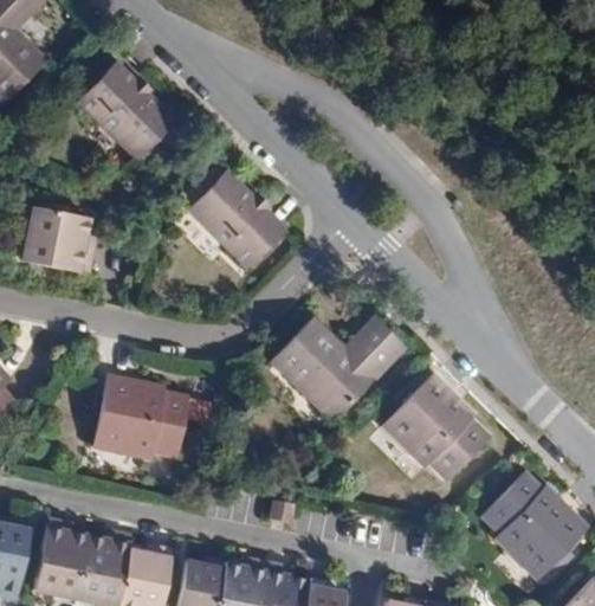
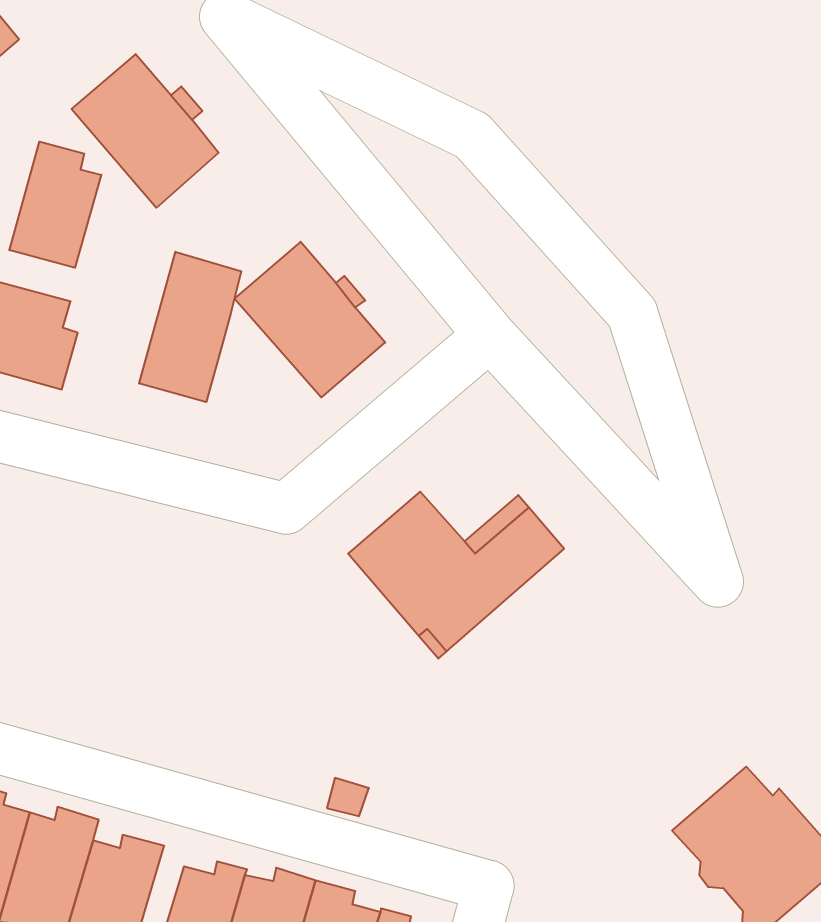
building: none -> [9,142,101,268]
building: none -> [139,252,241,402]
building: [95,376,185,458] -> none
building: [383,376,486,482] -> none

